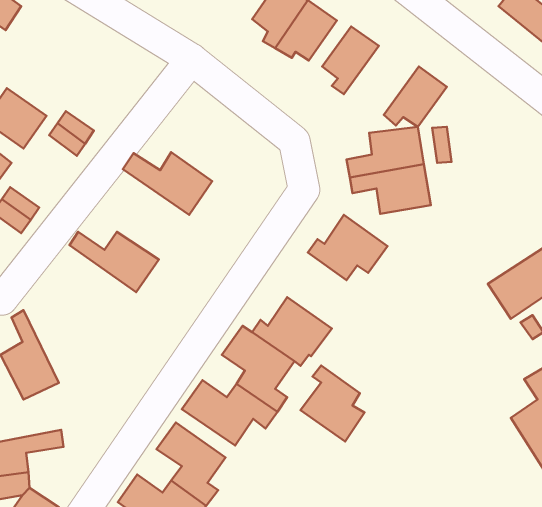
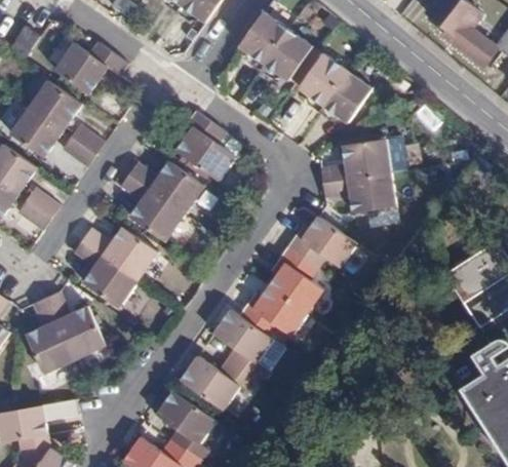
building: none -> [53,41,127,90]
building: none -> [30,80,81,130]
building: [384,66,447,127] -> [316,71,369,122]
building: none -> [179,110,237,179]
building: none -> [121,176,185,241]
building: none -> [75,240,140,306]
building: none -> [44,290,103,357]
building: [300,366,365,442] -> [268,246,322,311]

